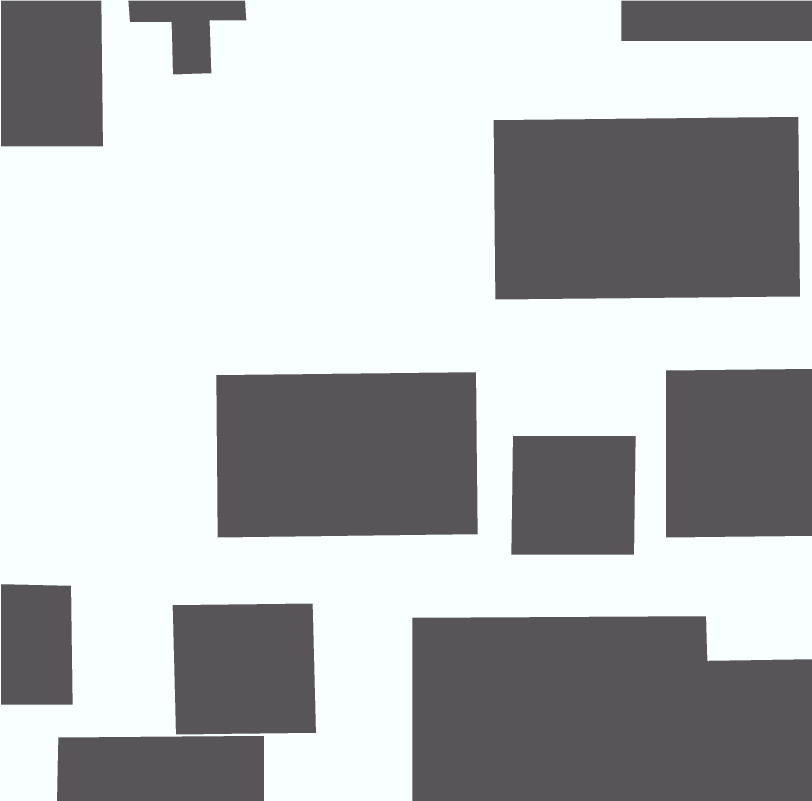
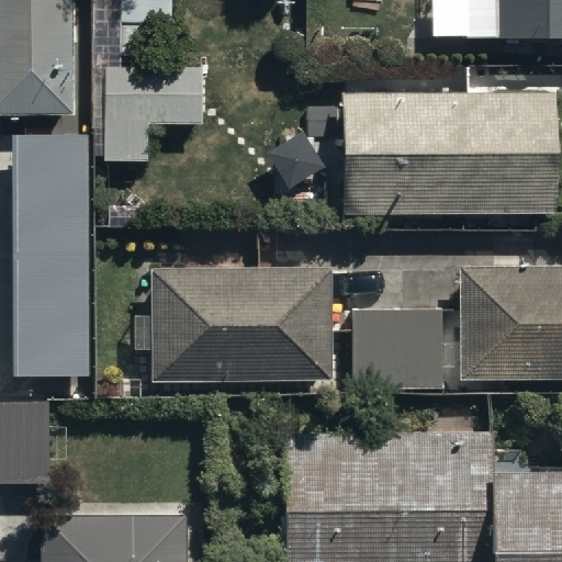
building: none -> [103,67,199,159]
building: none -> [12,135,86,249]
building: none -> [12,257,90,376]
building: [172,603,317,735] -> none

